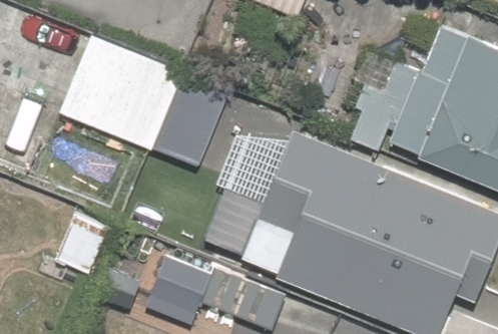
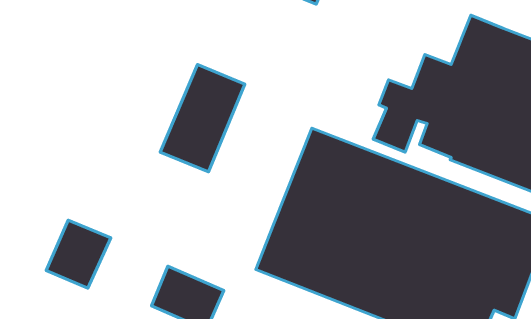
building: [58,32,187,154] -> none

